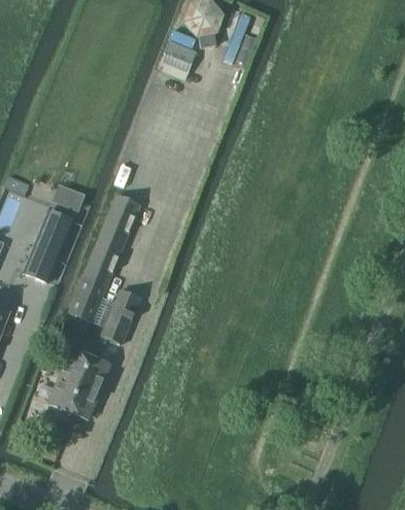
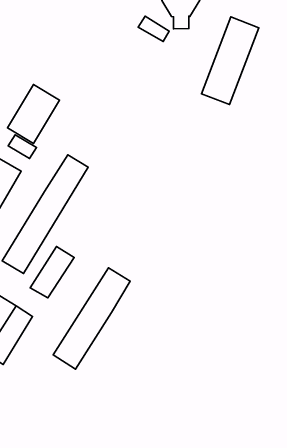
building: none -> [202,17,259,105]
building: none -> [8,84,60,144]
building: none -> [53,268,130,369]

